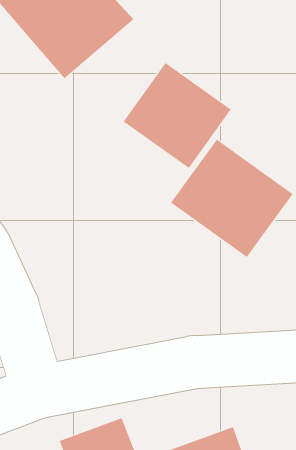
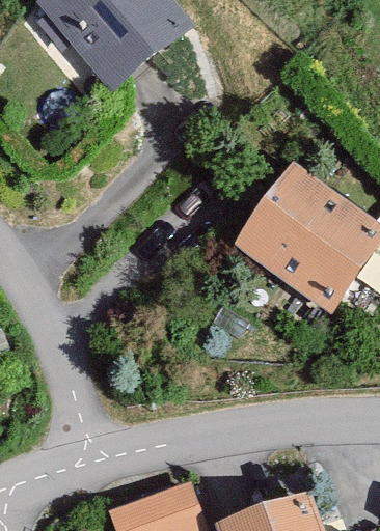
building: [123,62,232,169] -> none

